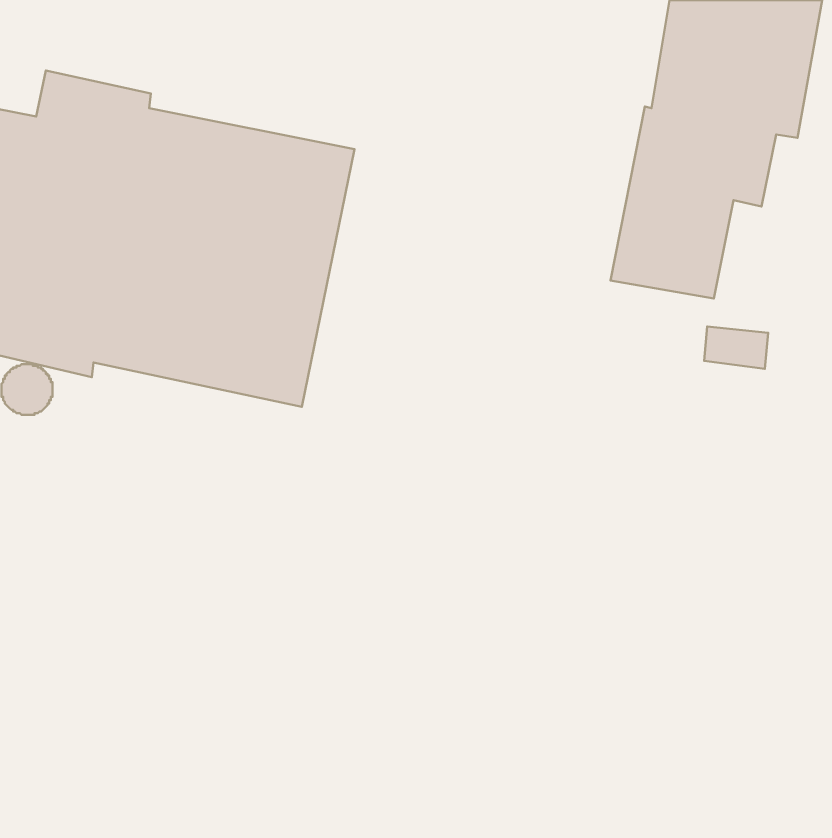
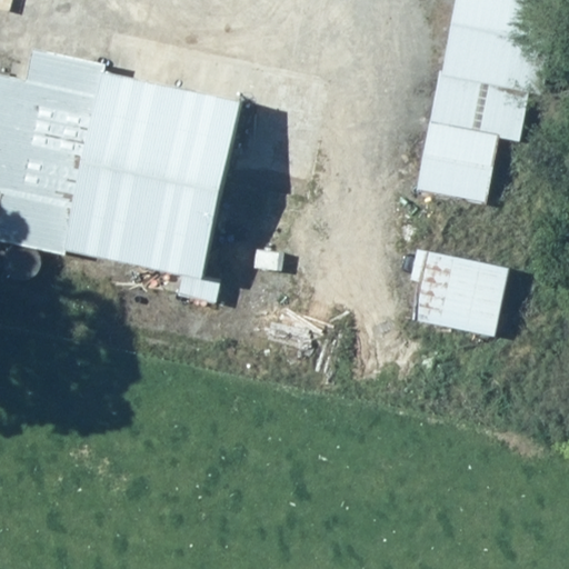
building: none -> [401,250,508,336]

